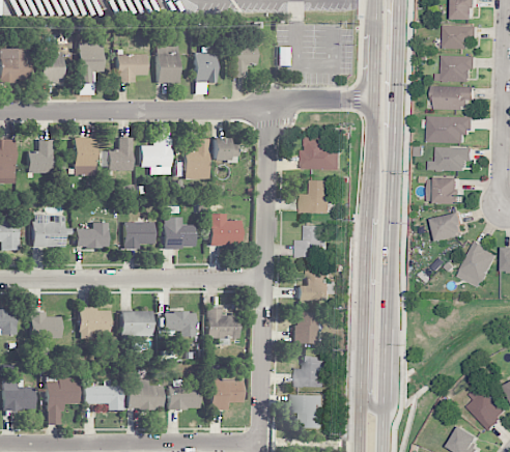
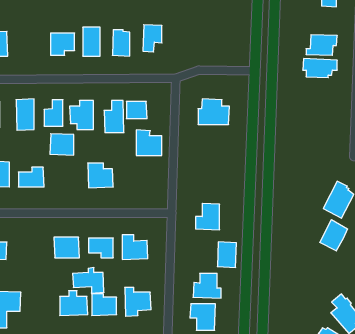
building: [445,26,479,49] -> none
building: [78,43,103,83] -> none
building: [429,117,475,144] -> none
building: [430,148,474,172] -> none
building: [301,179,330,213] -> none
building: [438,179,465,205] -> none
building: [208,214,240,246] -> [136,130,162,155]
building: [437,214,466,242] -> none
building: [123,222,153,249] -> [50,134,74,155]
building: [295,225,328,258] -> none
building: none -> [320,220,348,251]
building: [79,309,109,339] -> none
building: [294,312,318,344] -> [217,242,236,267]
building: [84,379,123,412] -> [73,268,104,293]

